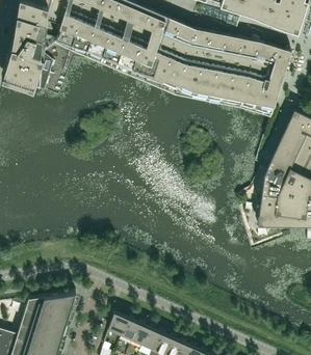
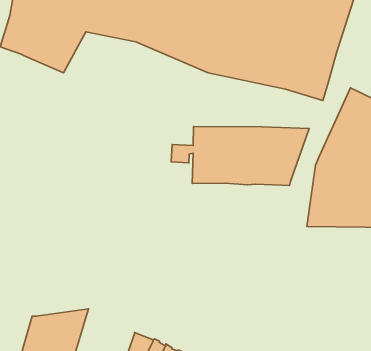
building: none -> [171,127,309,186]

